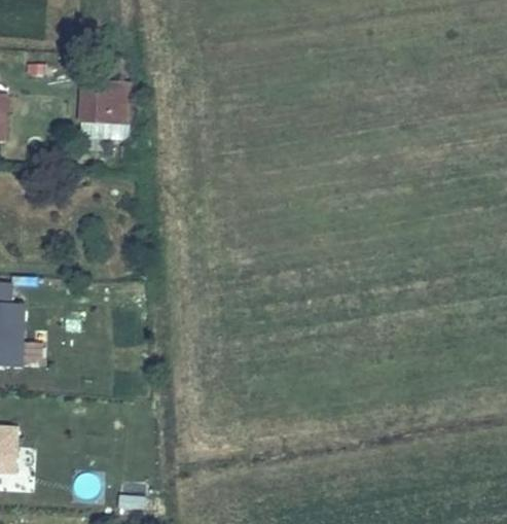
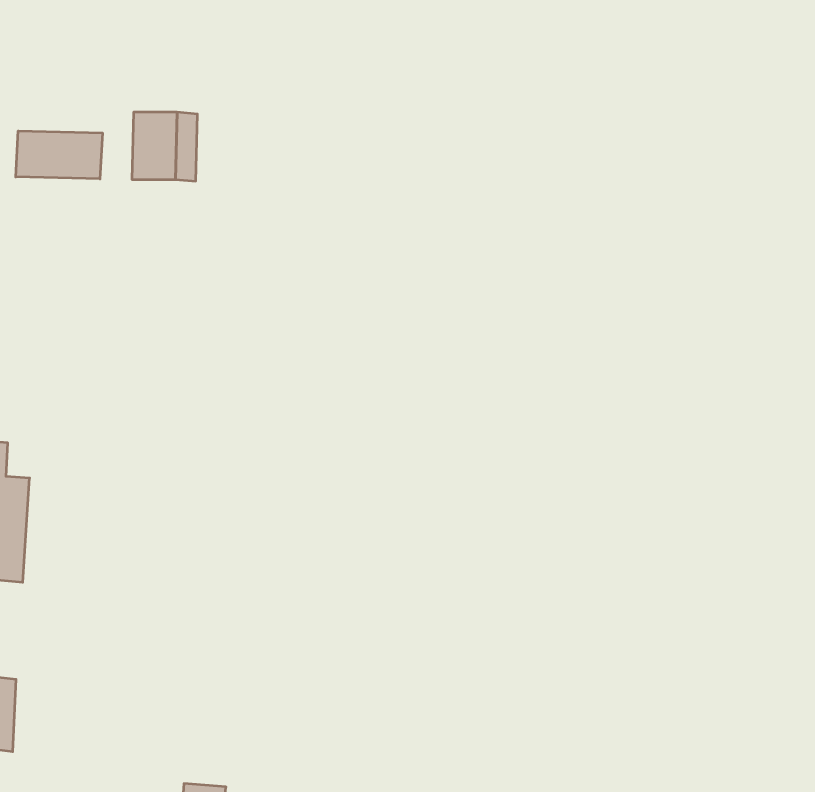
building: none -> [16,131,102,179]

